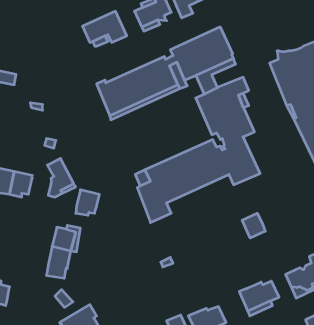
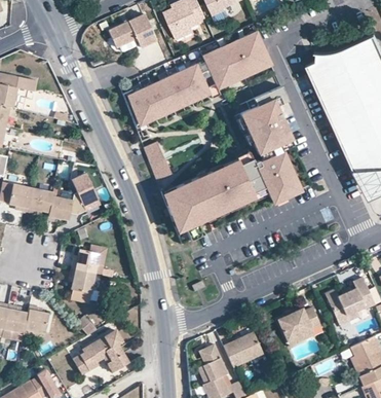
building: none -> [144,141,169,176]
building: [76,190,99,215] -> [47,195,73,223]
building: [242,213,265,238] -> none
building: none -> [25,310,49,334]

